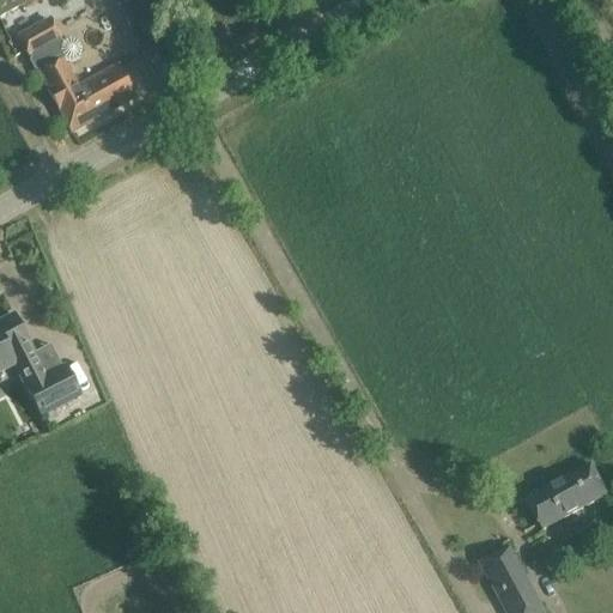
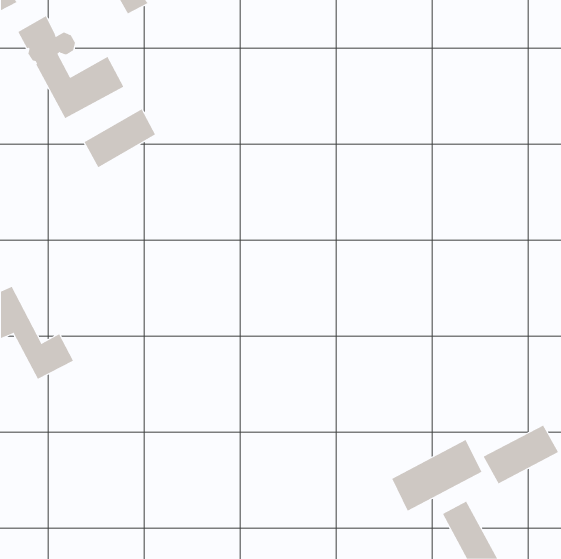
building: none -> [84,108,156,168]
building: none -> [391,439,482,511]

